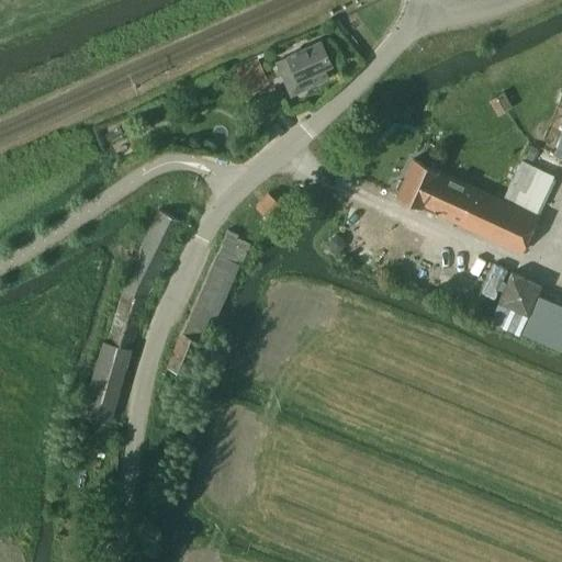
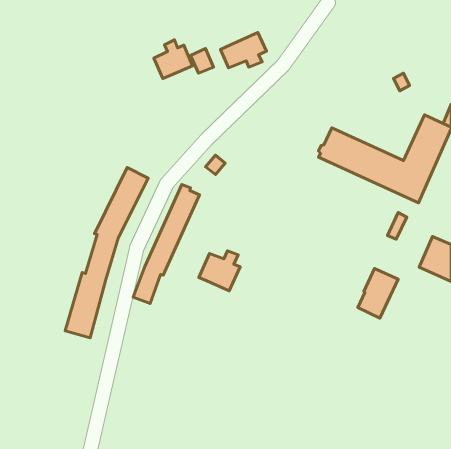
building: none -> [154,40,192,78]
building: [490,274,540,336] -> [358,269,398,318]
building: none -> [199,251,240,291]

